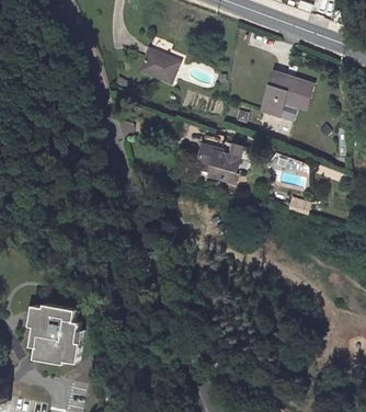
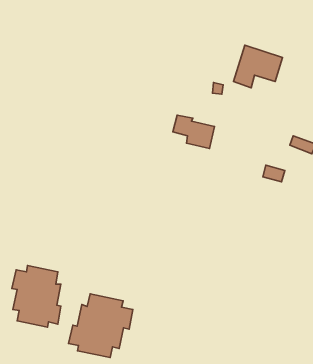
building: [139,48,181,84] -> none
building: none -> [68,294,133,358]

